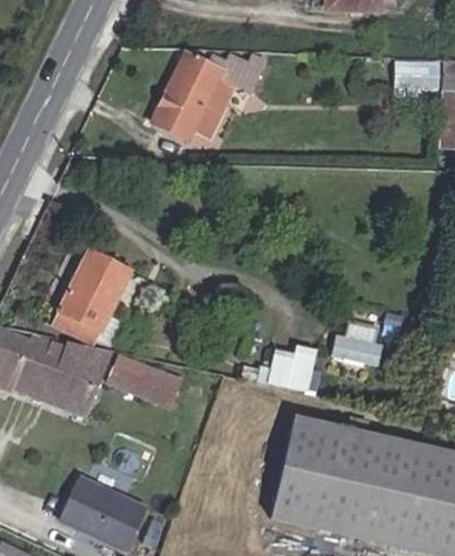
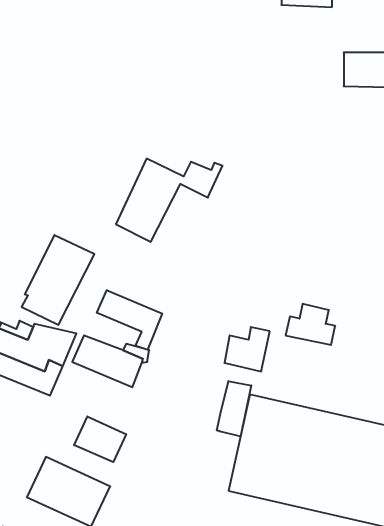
building: [153,51,265,139] -> [116,159,223,242]
building: none -> [97,290,162,350]
building: none -> [217,381,251,436]
building: none -> [74,416,126,462]

